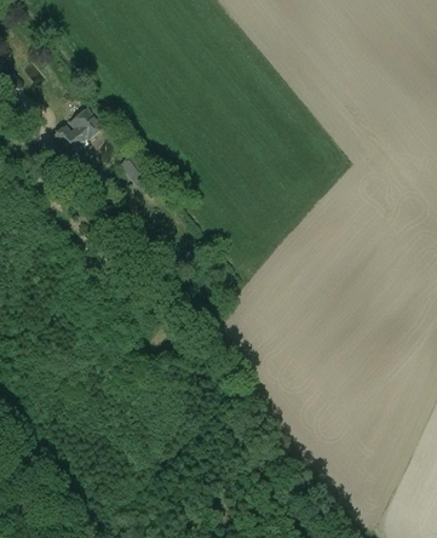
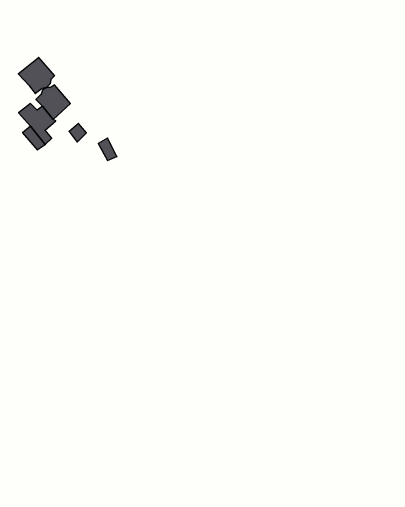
building: none -> [18,57,54,94]

